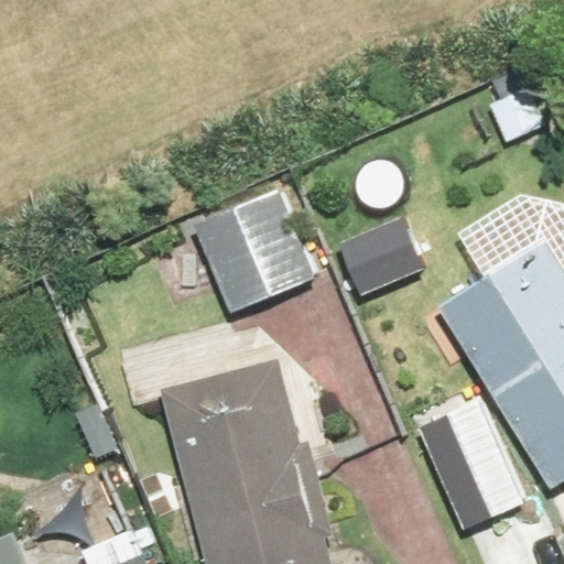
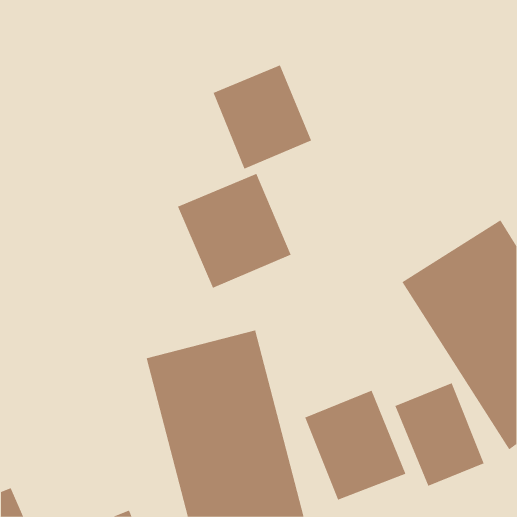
building: none -> [213,65,312,169]
building: none -> [304,390,406,501]

